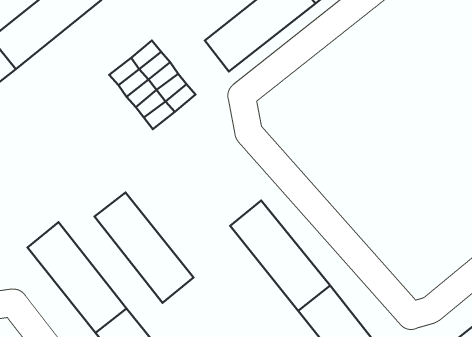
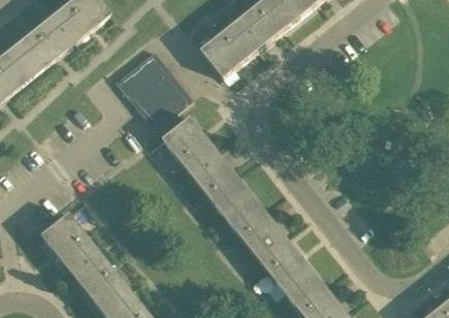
building: [94,192,193,303] -> [162,117,251,216]

